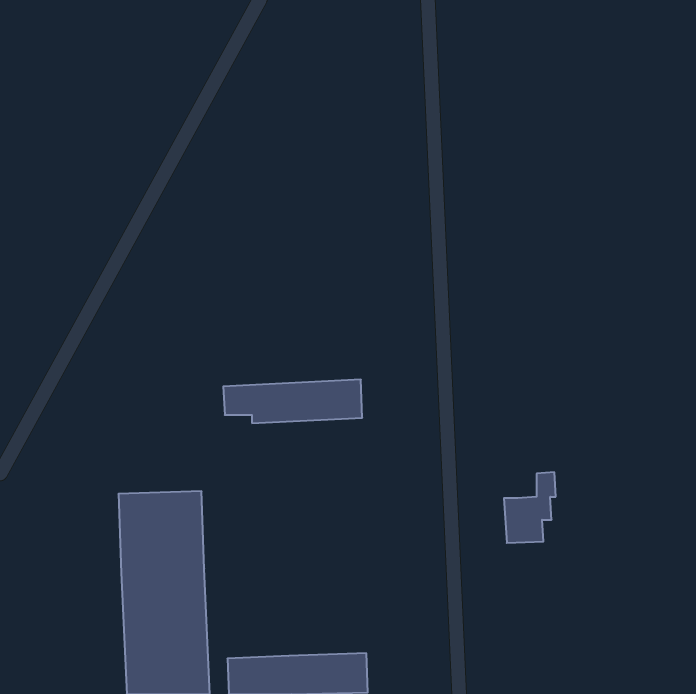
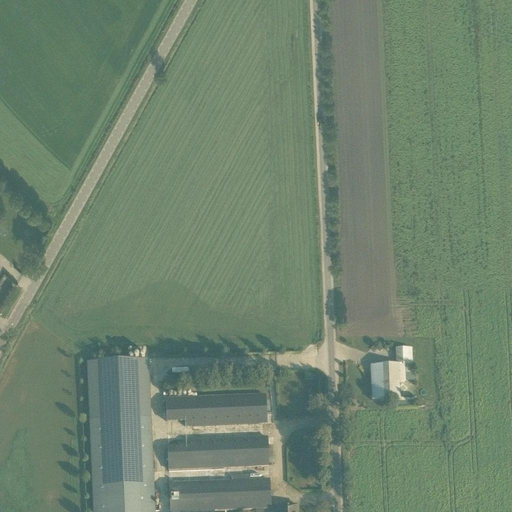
building: [223,380,362,423] -> [164,395,266,427]
building: none -> [166,437,268,470]

